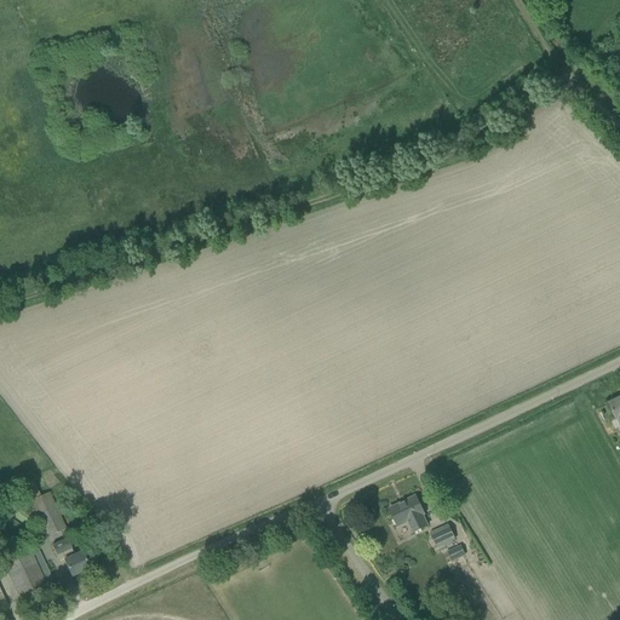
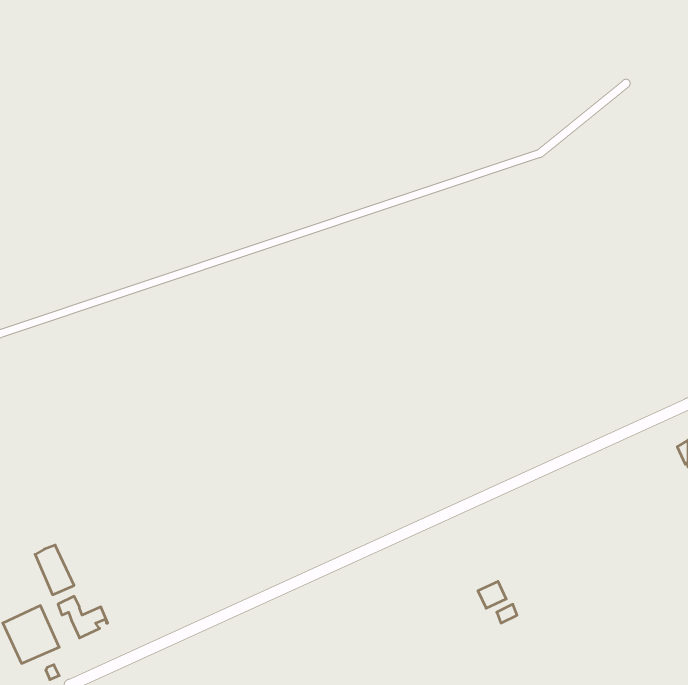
building: [389,494,429,532] -> none

